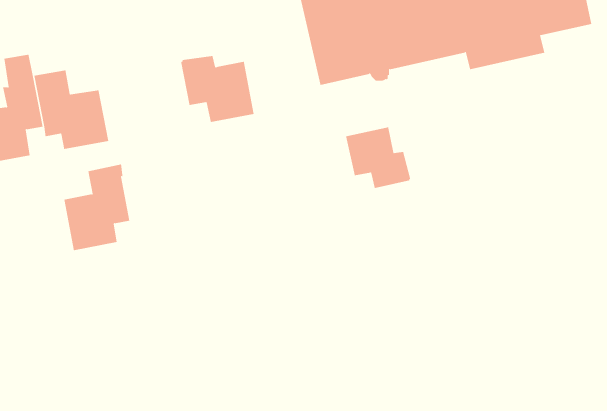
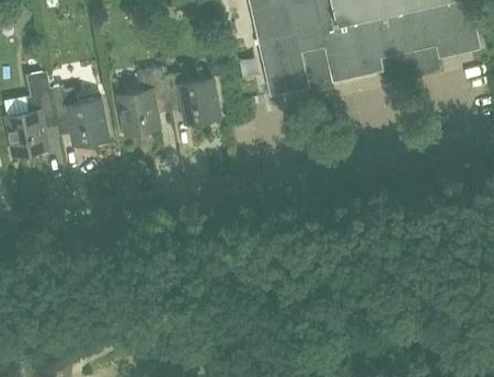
building: [346,126,411,189] -> none
building: [63,164,130,251] -> [118,68,170,135]

